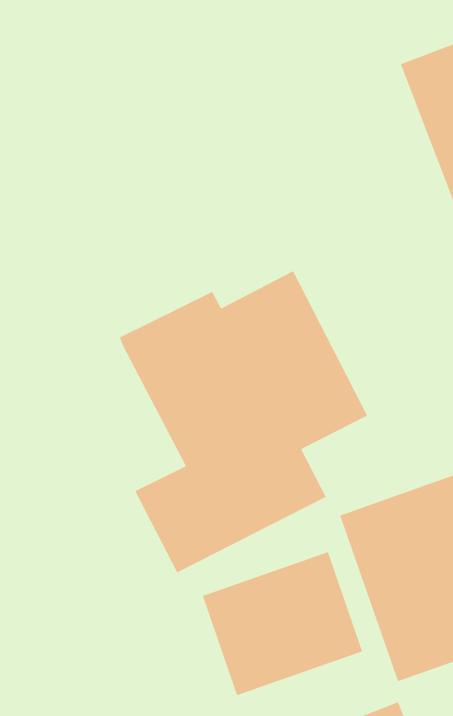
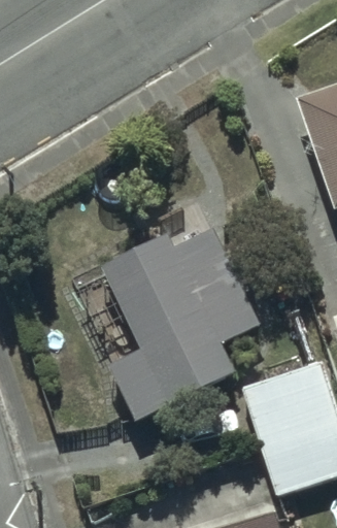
building: [202,551,363,696] -> none

